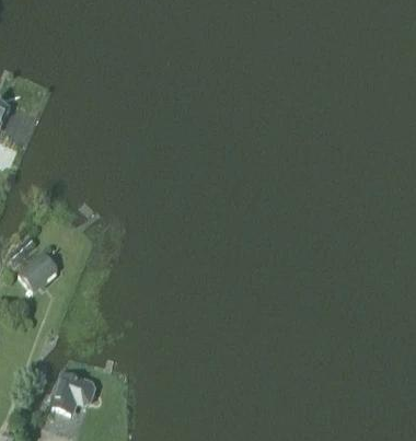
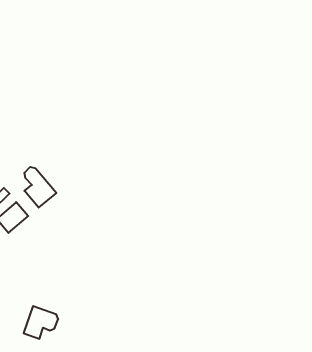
building: none -> [24,167,56,208]

